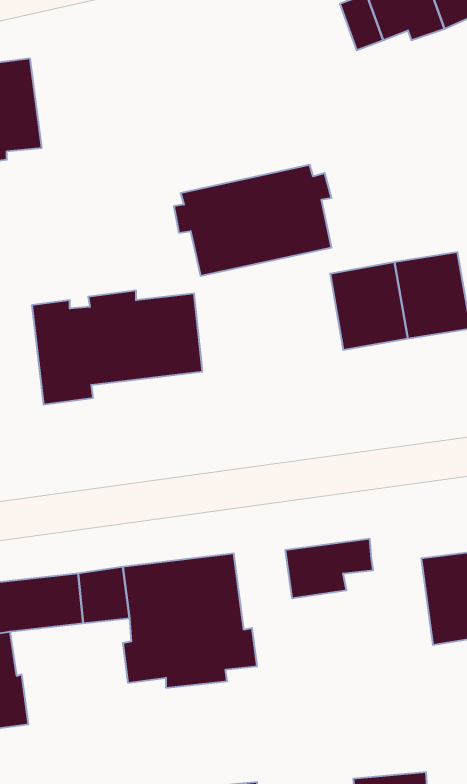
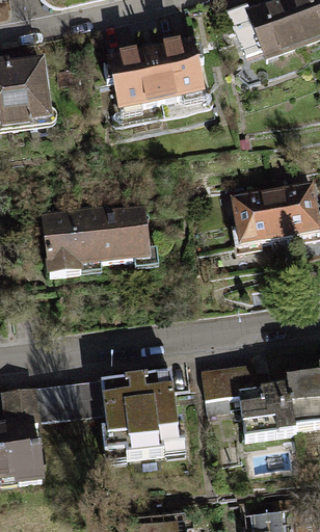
building: [174,165,331,276] -> [104,38,203,108]
building: none -> [238,372,294,437]

